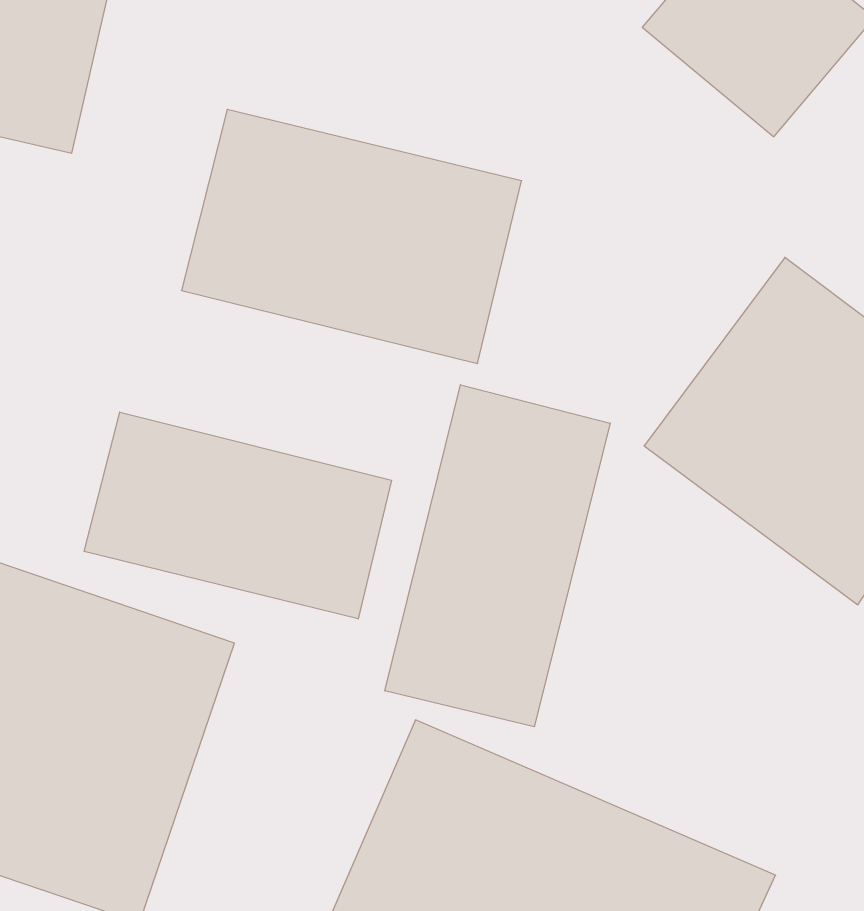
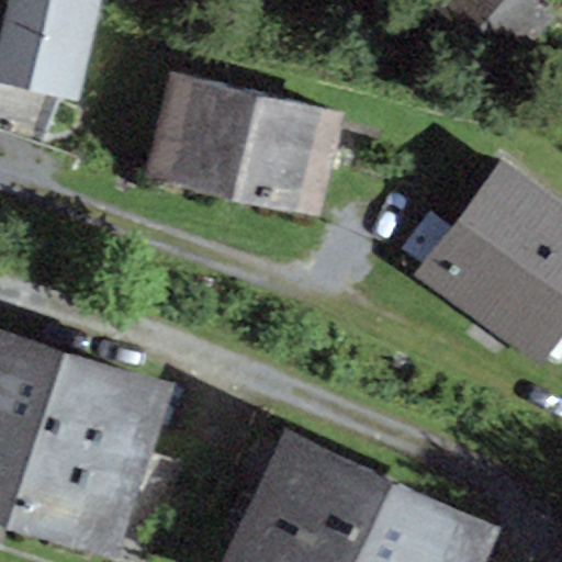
building: [385,385,610,727] -> none
building: [84,412,391,619] -> none

